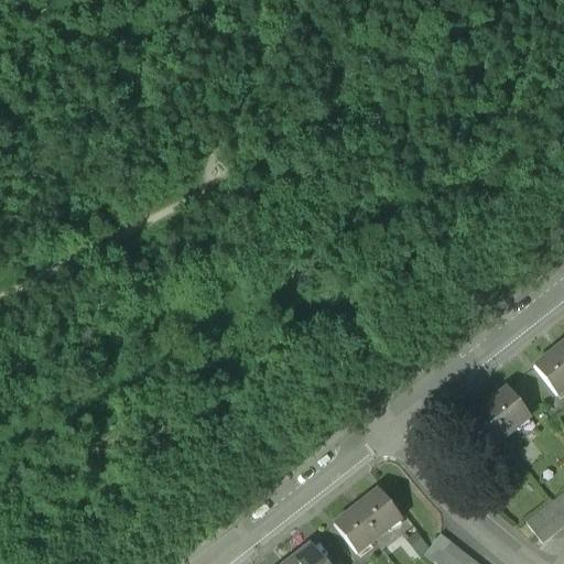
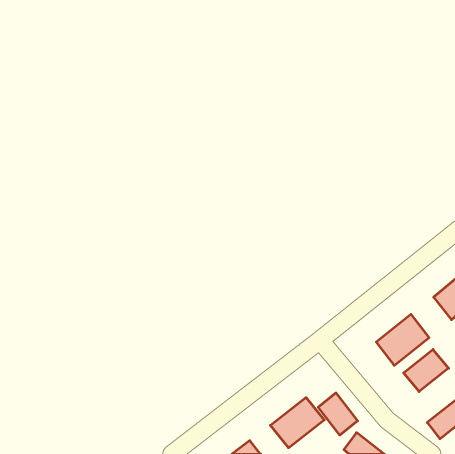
building: none -> [404,349,449,392]
building: none -> [318,393,358,435]

